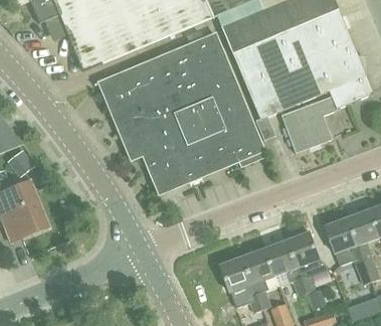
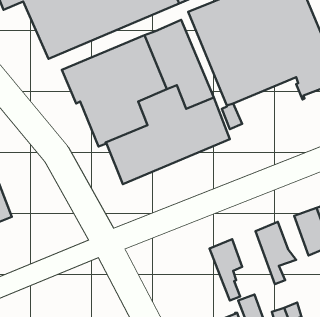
building: [281,96,334,150] -> none
building: [264,240,307,296] -> none
building: [220,258,262,312] -> none

